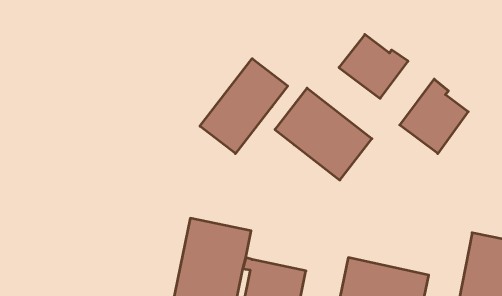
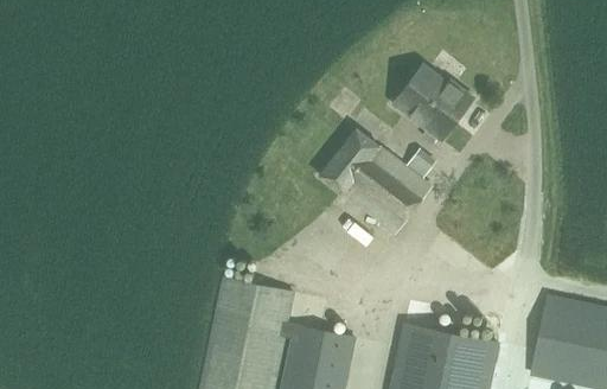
building: [200,59,288,154] -> none
building: [400,79,468,154] -> none

